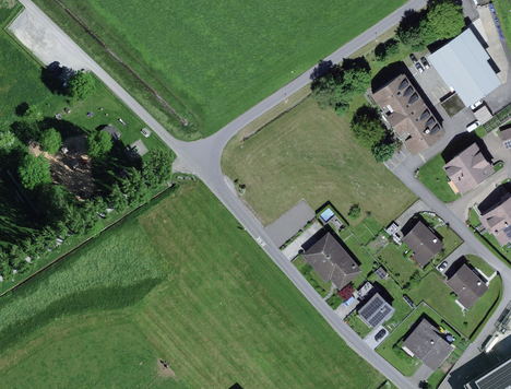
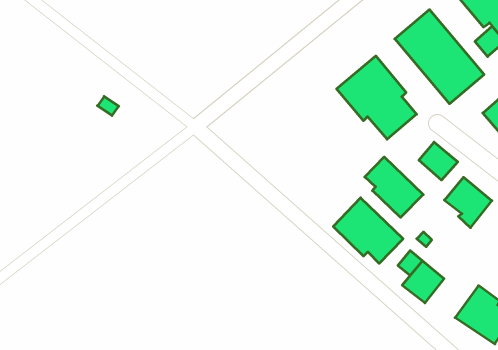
building: none -> [337,56,417,139]
building: none -> [419,142,458,180]
building: none -> [365,157,423,217]

